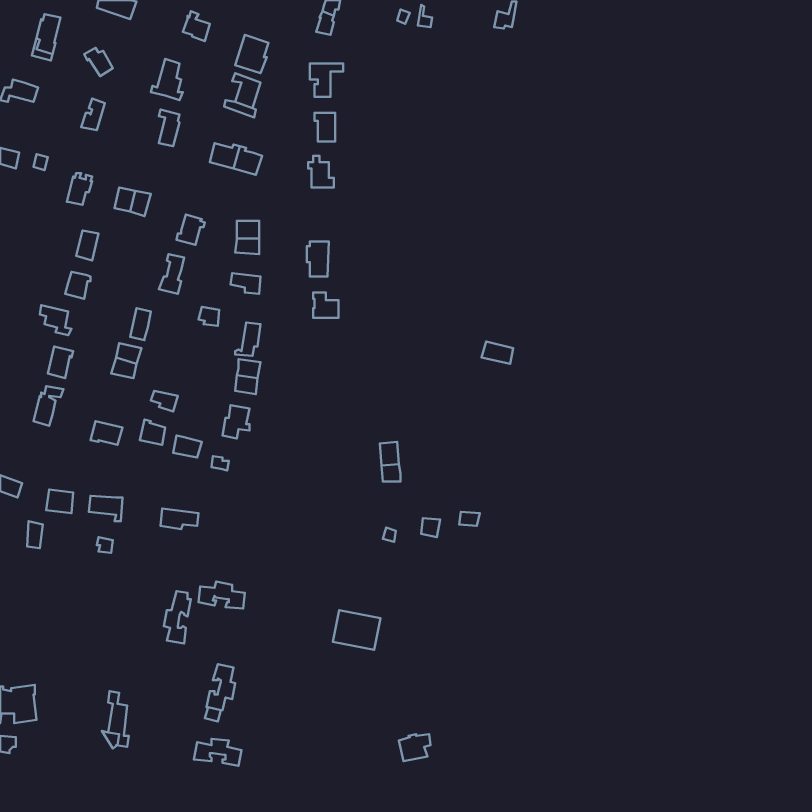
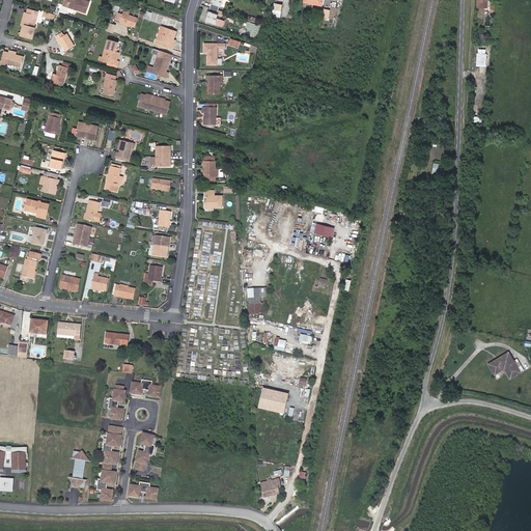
building: none -> [488,353,524,379]
building: [333,610,381,650] -> [259,388,290,414]
building: none -> [95,426,121,501]

